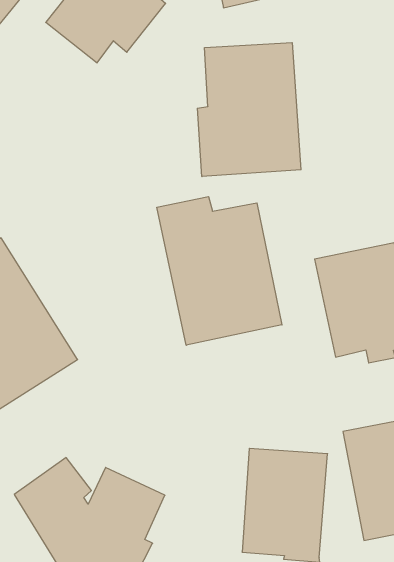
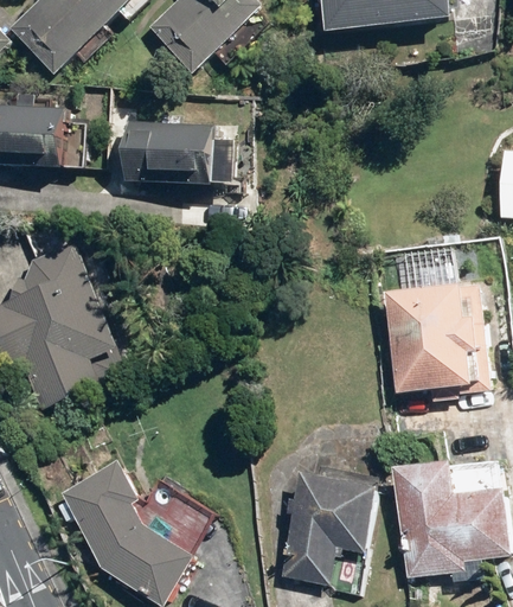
building: [197,43,301,177] -> none
building: none -> [124,108,237,187]
building: [157,197,282,345] -> none

